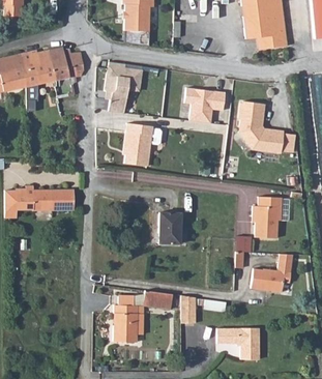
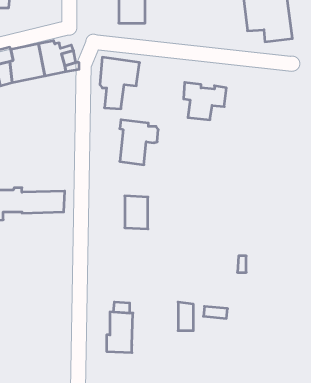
building: [239,100,284,151] -> none
building: [252,196,281,237] -> none
building: [159,210,181,241] -> [125,196,148,229]
building: [251,254,292,292] -> none
building: [144,289,172,308] -> none
building: [218,328,261,361] -> none

